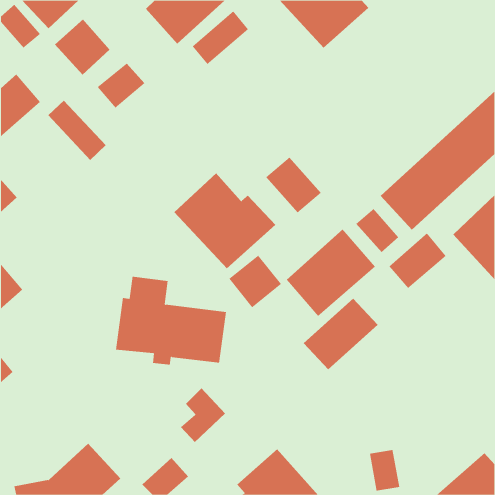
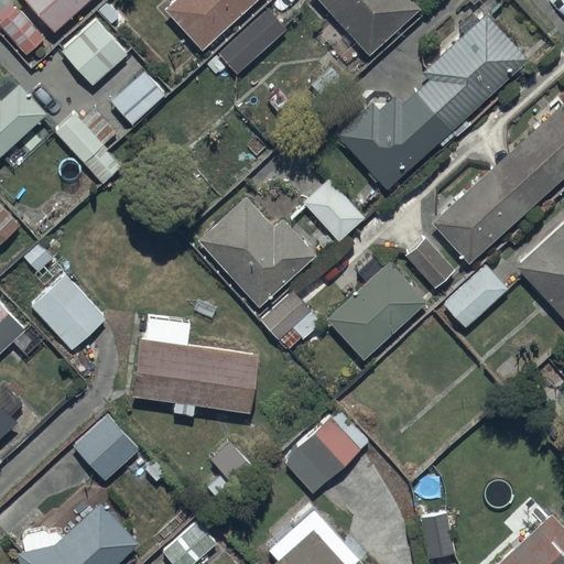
building: none -> [336,14,529,191]
building: none -> [29,271,107,350]
building: [303,298,378,370] -> [283,410,369,492]
building: none -> [73,414,138,479]

